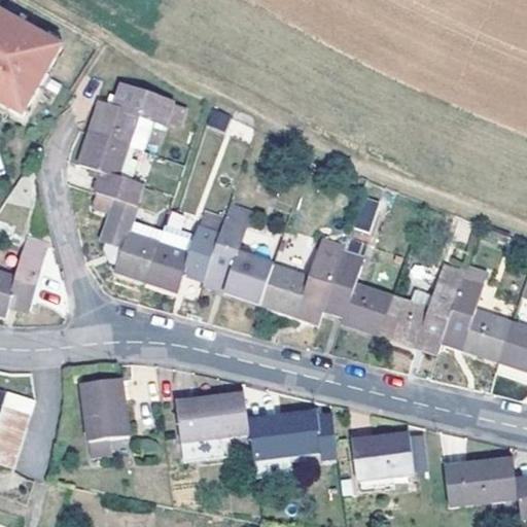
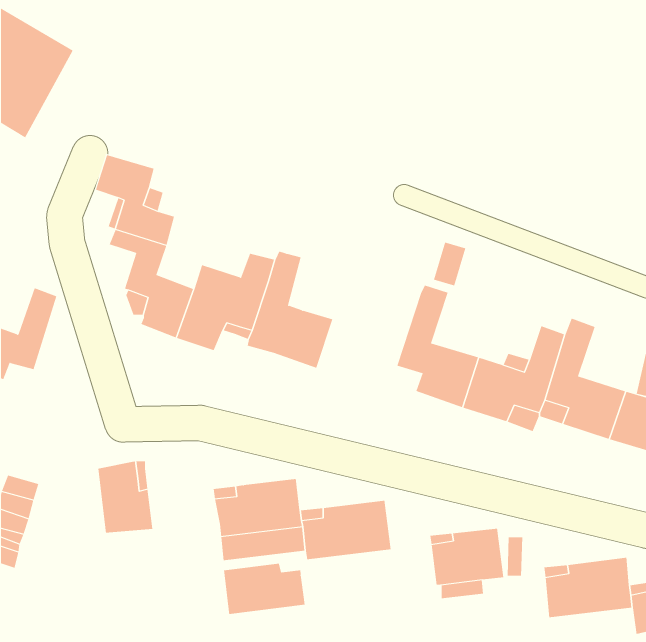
building: [87,86,191,141] -> none
building: [258,235,343,322] -> none
building: none -> [223,563,305,615]

